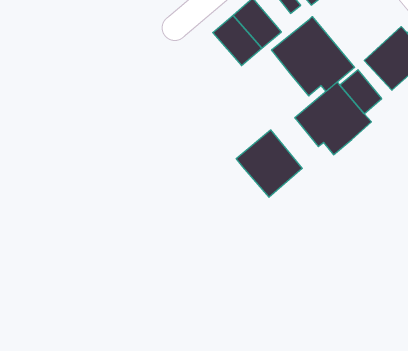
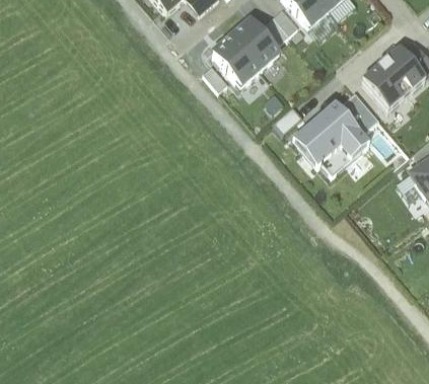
building: [272,17,355,96] -> none
building: [236,130,302,197] -> none

